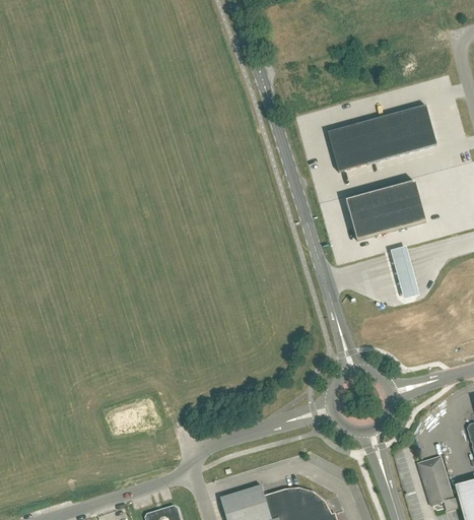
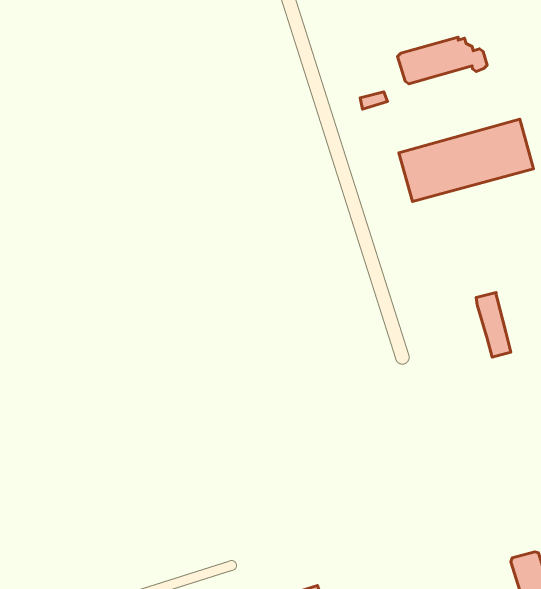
building: none -> [398,37,487,84]
building: [347,181,426,240] -> none

